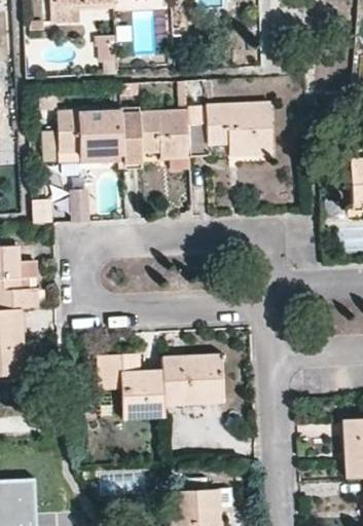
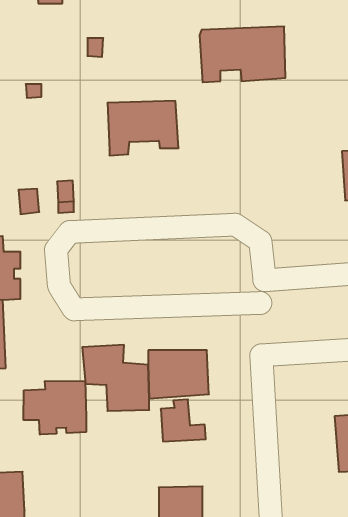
building: [188,104,273,158] -> [200,27,285,82]
building: [44,110,123,164] -> none
building: none -> [24,381,86,435]

